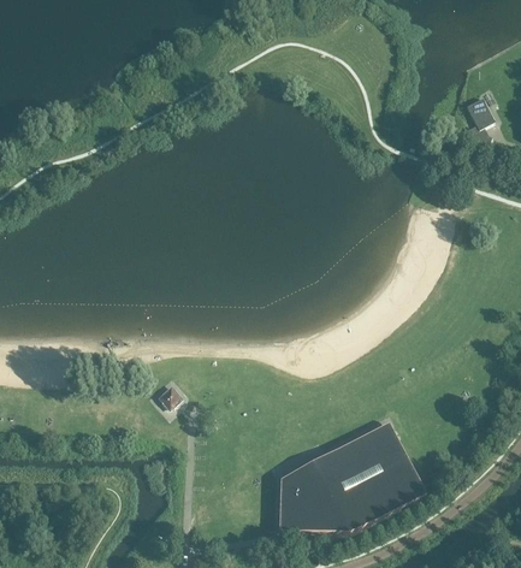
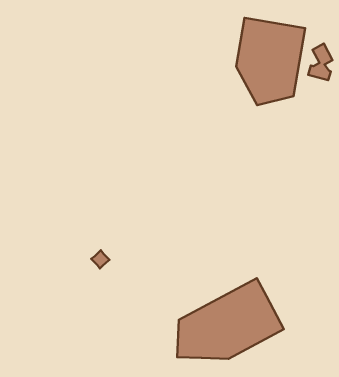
building: none -> [236,18,305,105]

